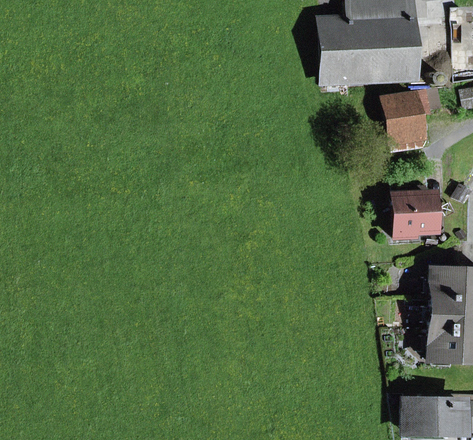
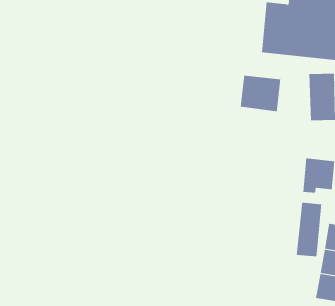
building: none -> [240,75,281,112]
building: none -> [296,202,322,257]

